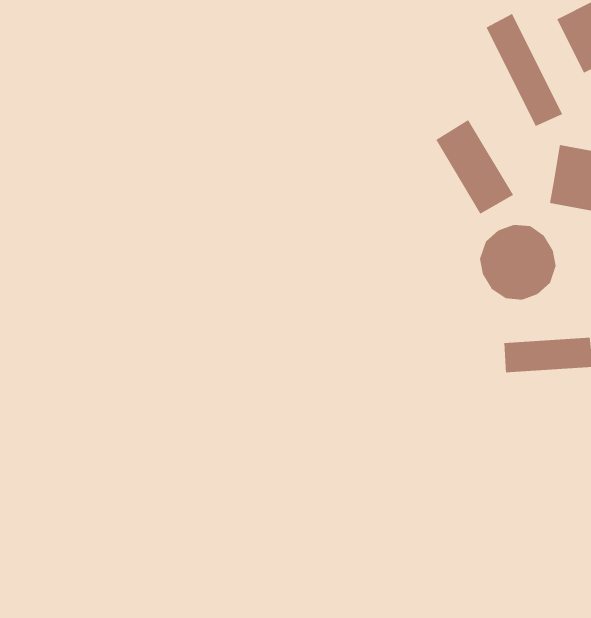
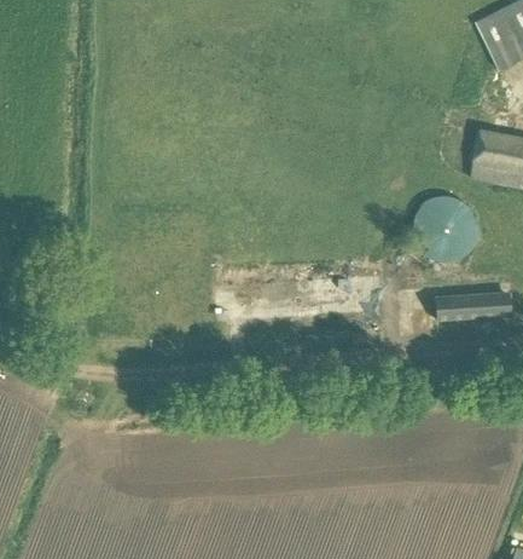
building: [486,13,563,127] -> none
building: [435,119,514,214] -> none

